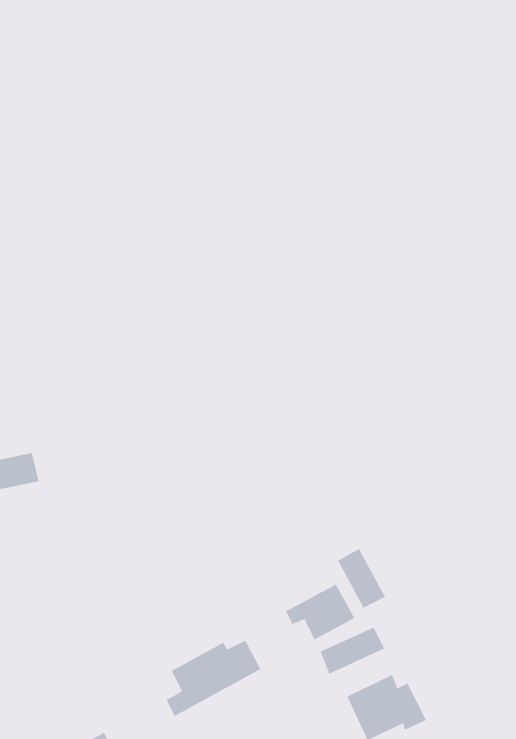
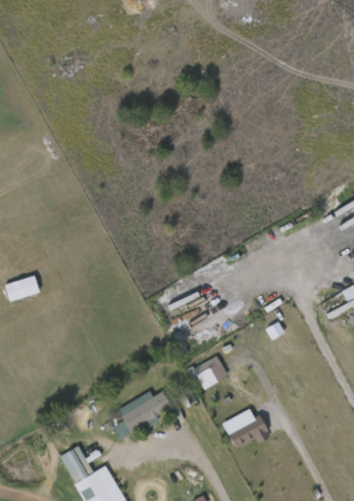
building: [337,548,386,608] -> none
building: [320,627,385,675] -> none

